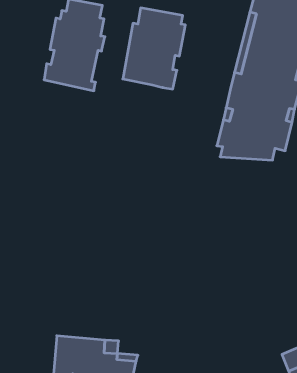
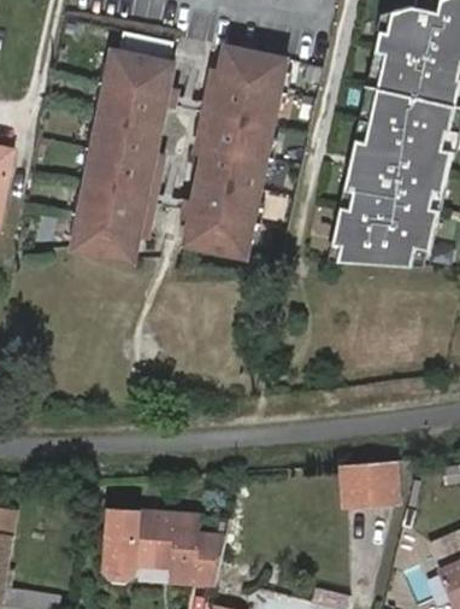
building: none -> [185,147,271,254]
building: none -> [70,148,159,259]
building: none -> [337,467,399,509]

